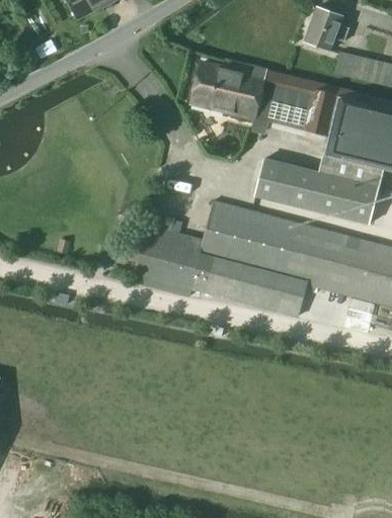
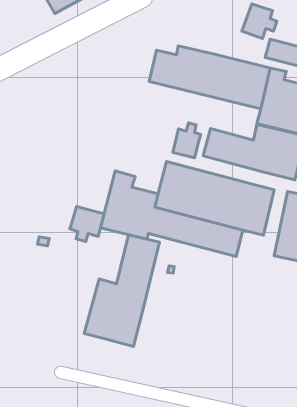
building: none -> [173,123,201,158]
building: none -> [70,207,104,242]
building: none -> [84,235,159,346]

